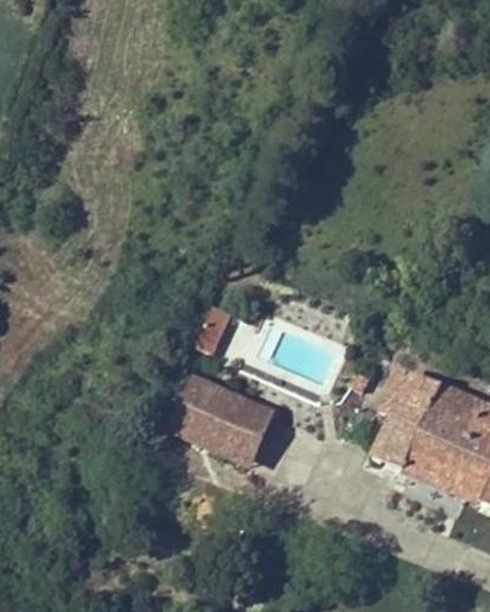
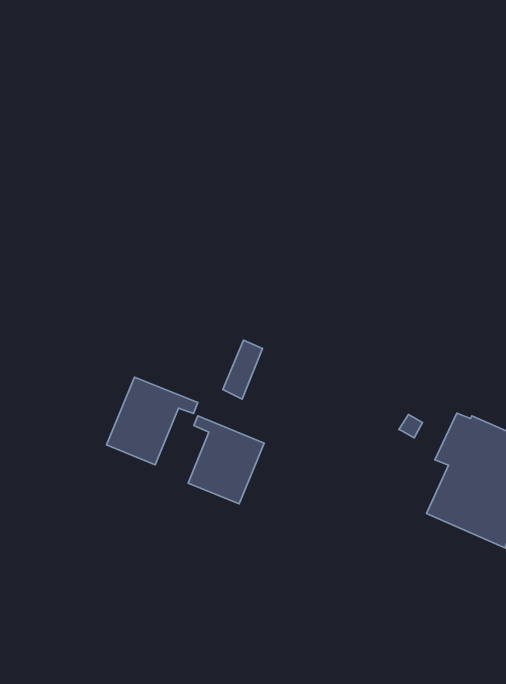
building: none -> [107,377,198,465]
building: [210,394,271,464] -> none

